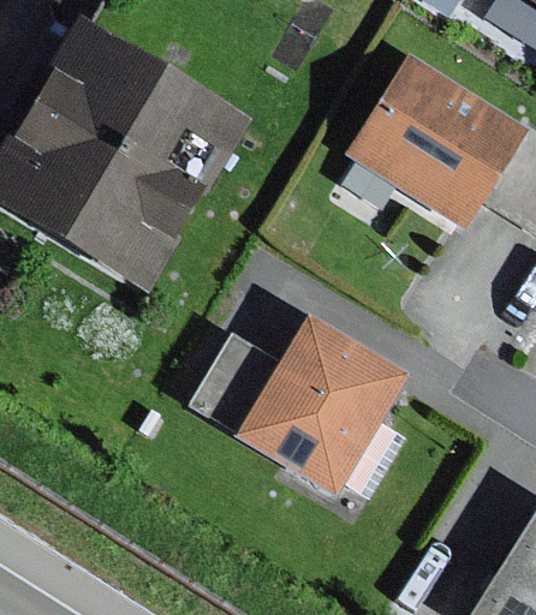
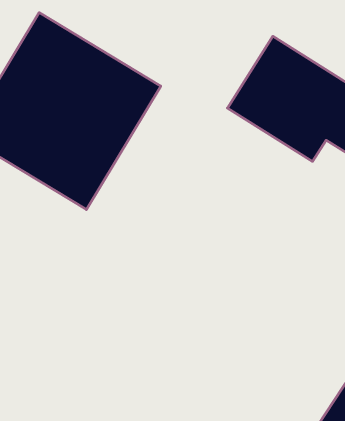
building: [189,314,410,497] -> none

